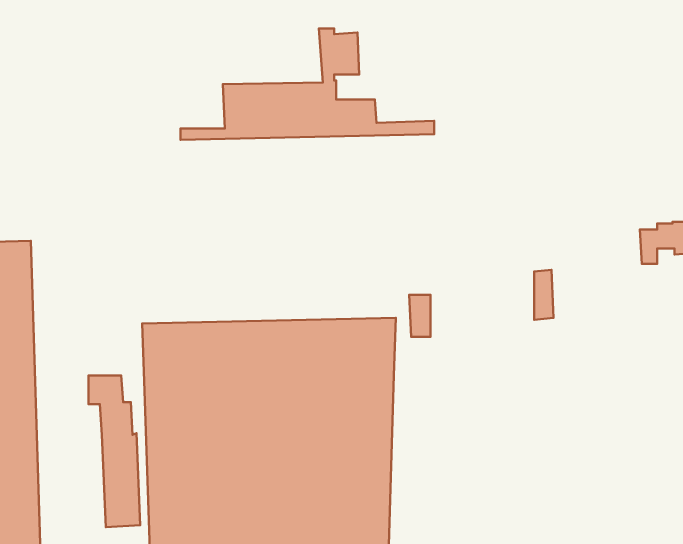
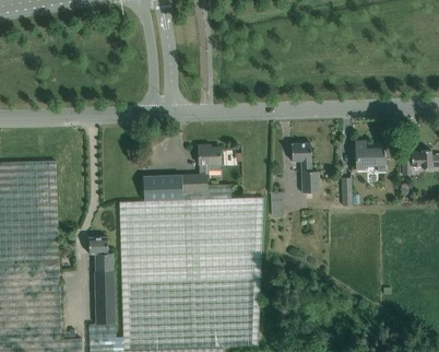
building: [181,29,434,140] -> [118,145,262,209]
building: none -> [354,141,385,175]
building: none -> [290,143,317,192]

